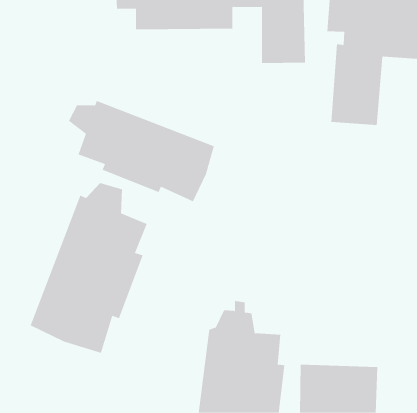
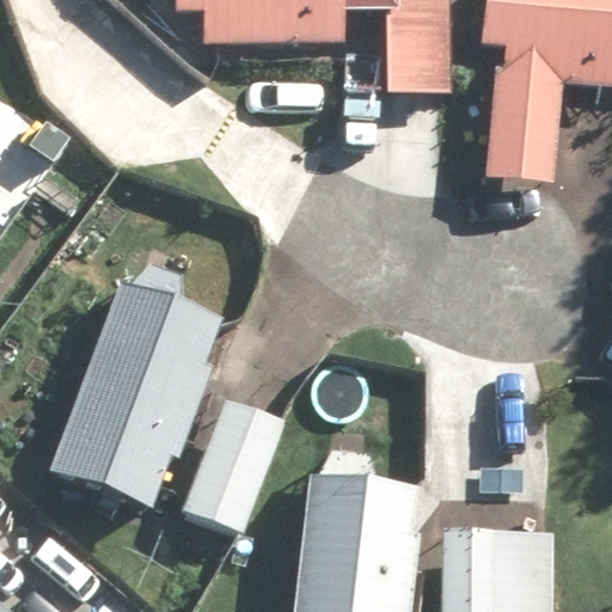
building: [68,100,214,202] -> none
building: none -> [184,399,287,533]

